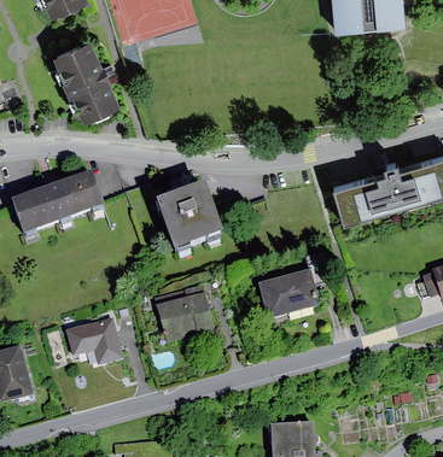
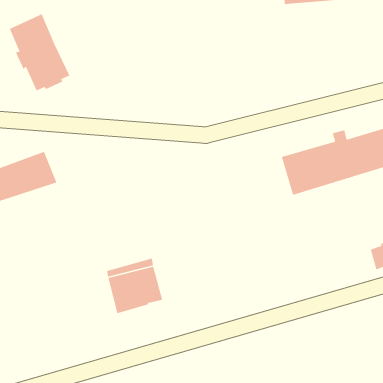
building: [155,181,222,248] -> none
building: [256,252,330,317] -> none
building: [64,317,122,364] -> none

